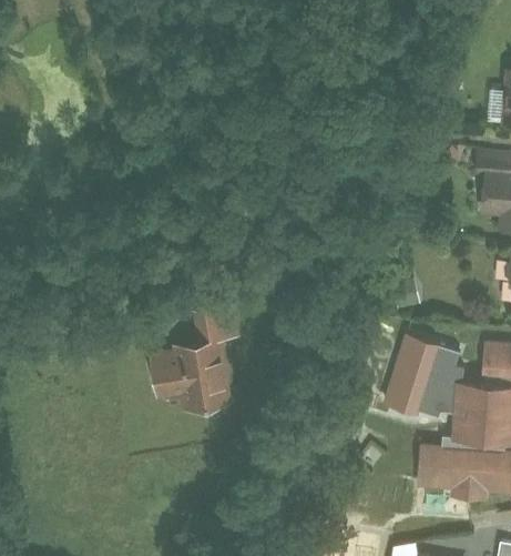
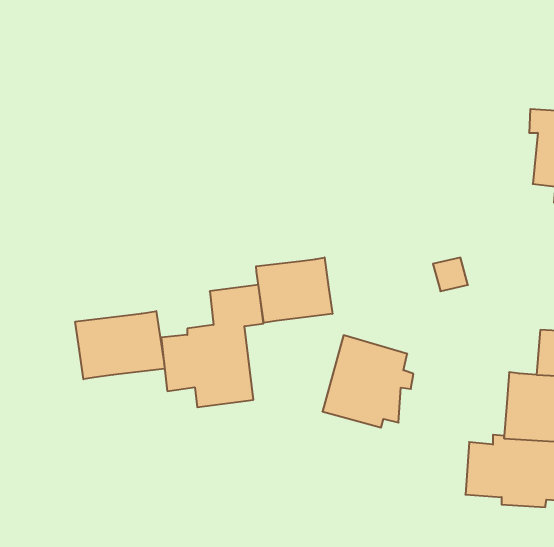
building: none -> [256,257,332,323]
building: none -> [75,311,164,379]
building: [387,335,468,417] -> [322,335,413,428]

